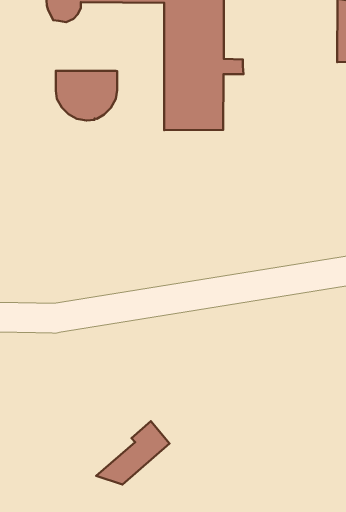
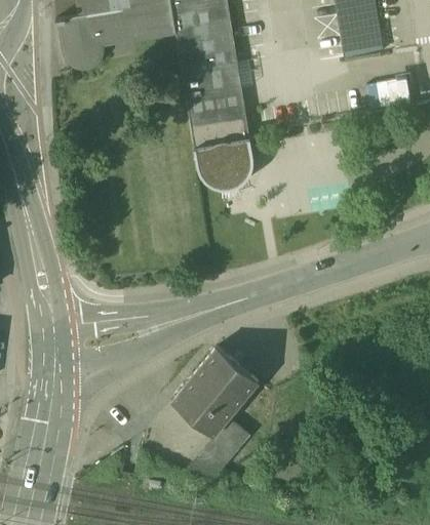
building: [56,71,117,121] -> [194,138,253,189]
building: none -> [171,347,259,436]

